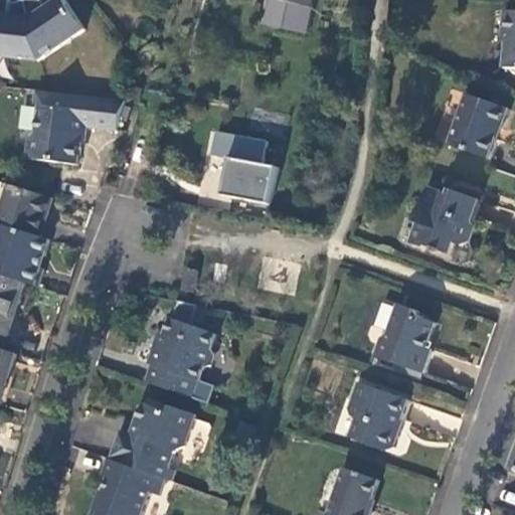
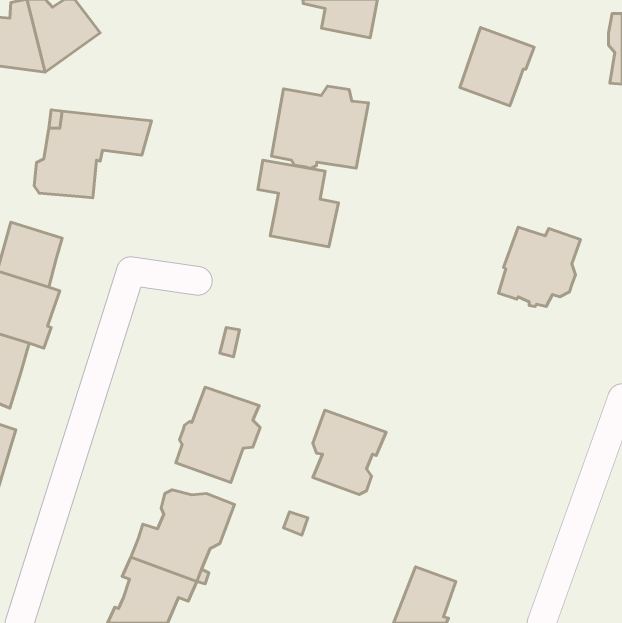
building: none -> [272,86,369,168]
building: [447,94,508,158] -> [460,28,534,106]
building: [374,303,435,372] -> none
building: [347,381,407,451] -> [313,410,386,495]

